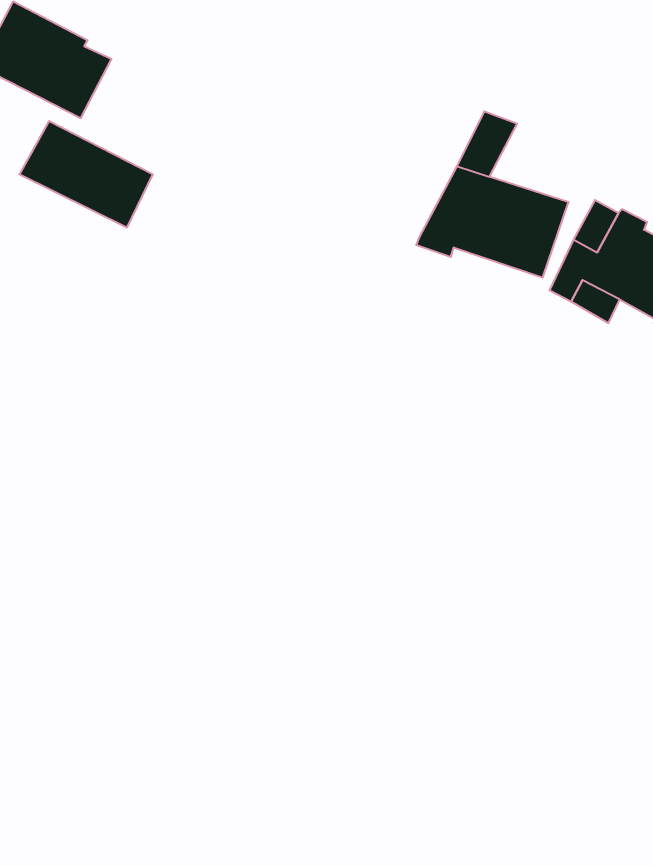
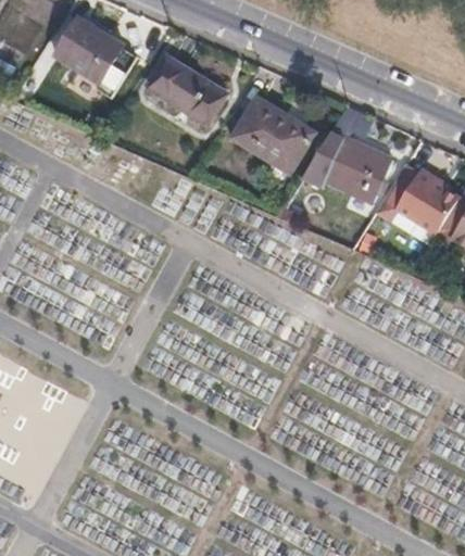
building: none -> [231,96,315,173]
building: [19,121,153,227] -> [147,58,224,123]

